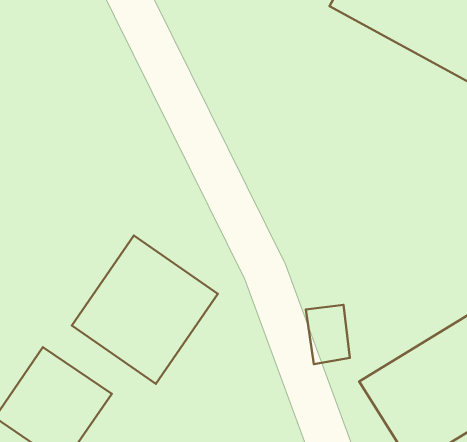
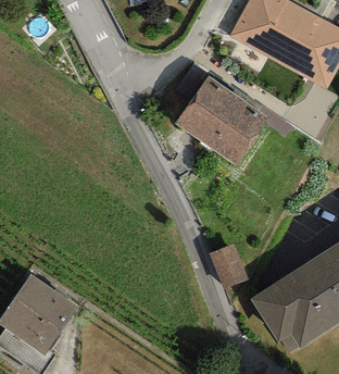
building: none -> [174,75,268,165]
building: [72,236,218,384] -> none

